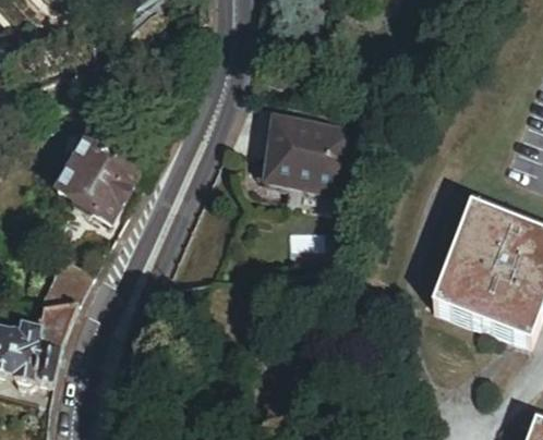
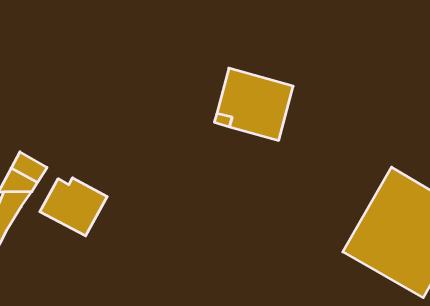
building: [55,136,133,213] -> none
building: none -> [40,178,107,236]

